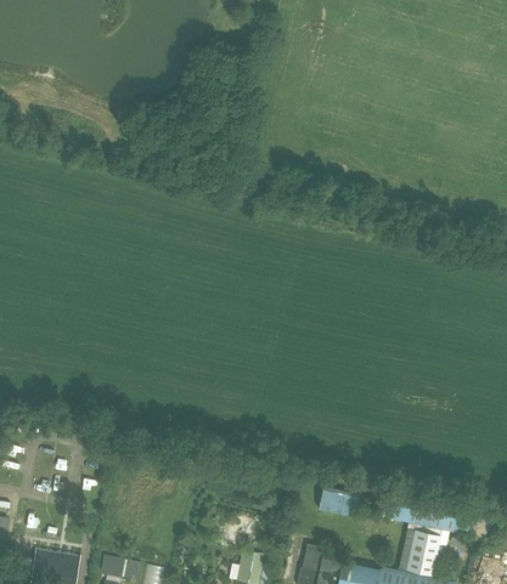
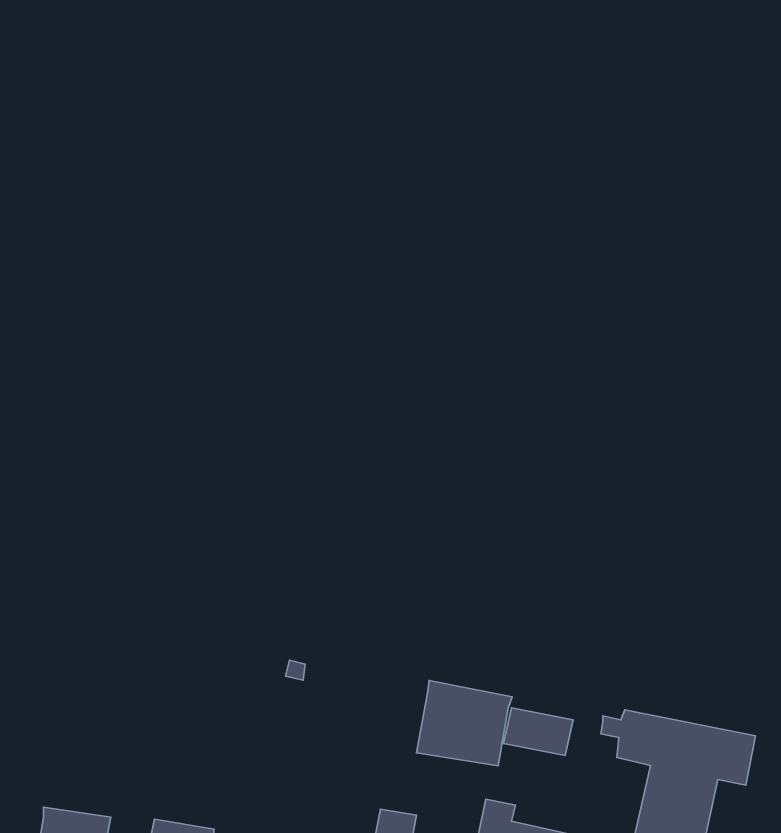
building: none -> [417,681,512,766]

